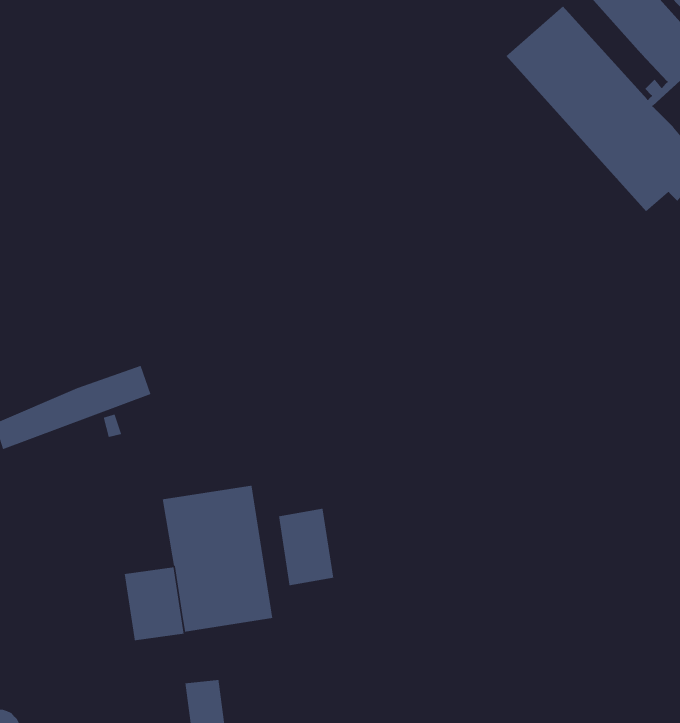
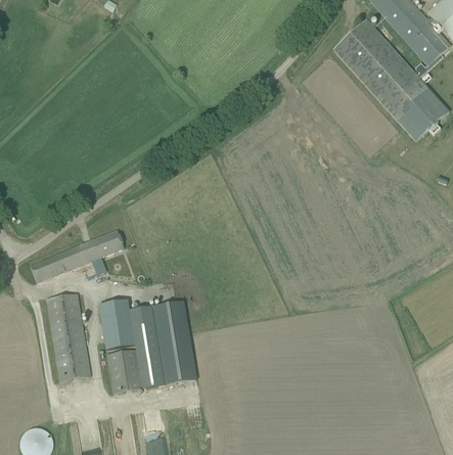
building: none -> [46,292,90,380]
building: none -> [98,300,134,350]
building: [278,508,334,586] -> none

